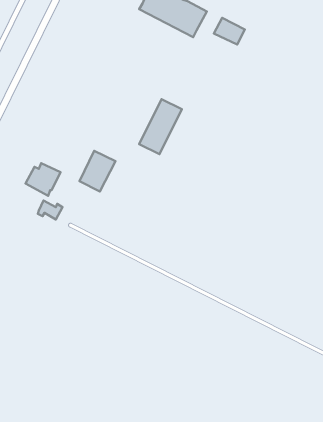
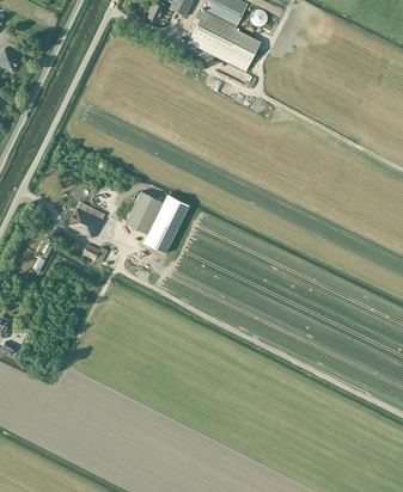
building: [214,18,245,45] -> none
building: [139,99,182,154] -> [144,195,189,253]

